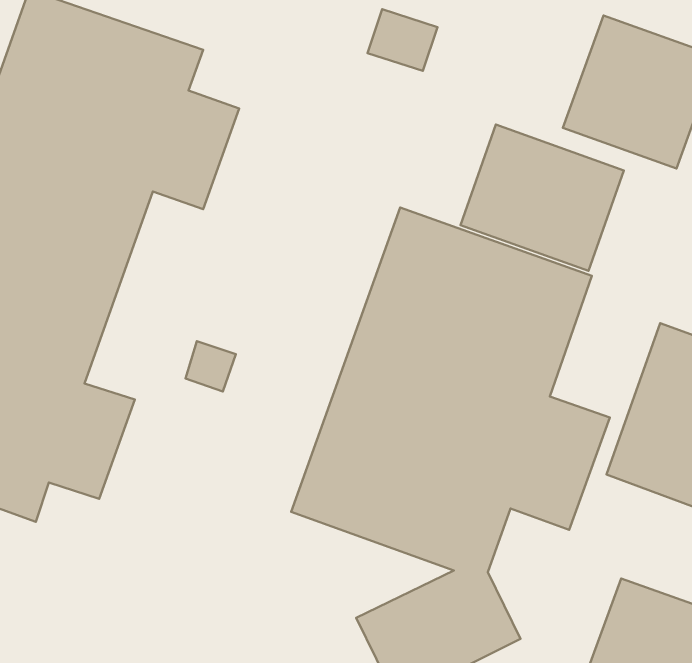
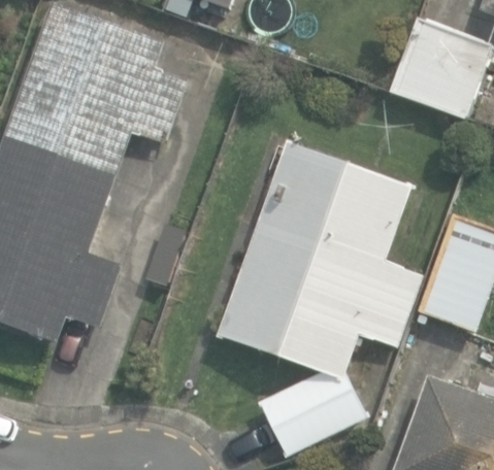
building: [460,125,624,271] -> none

